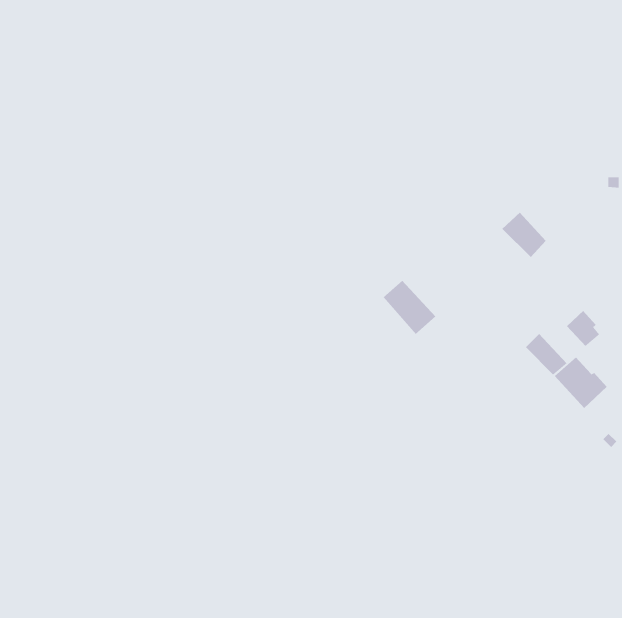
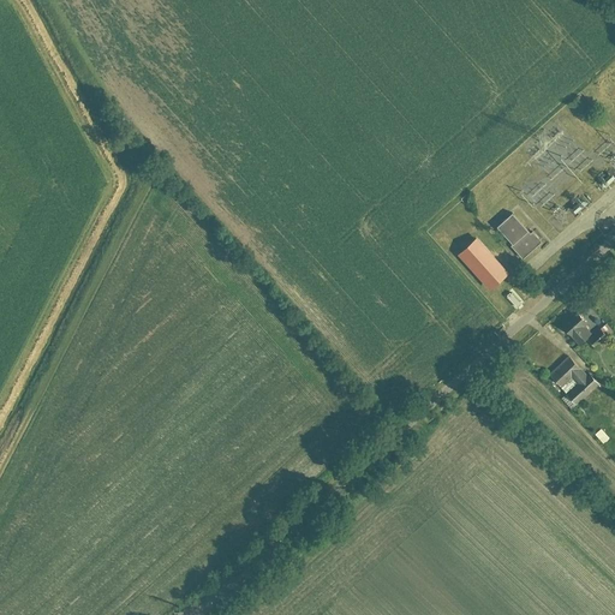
building: [383,280,436,335] -> [456,238,509,292]
building: [525,333,567,376] -> none

